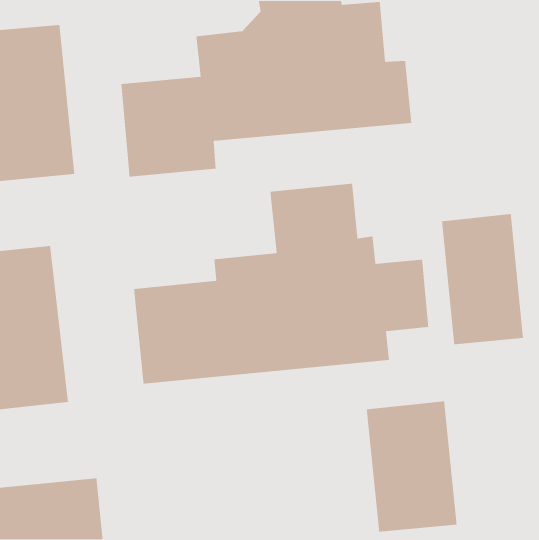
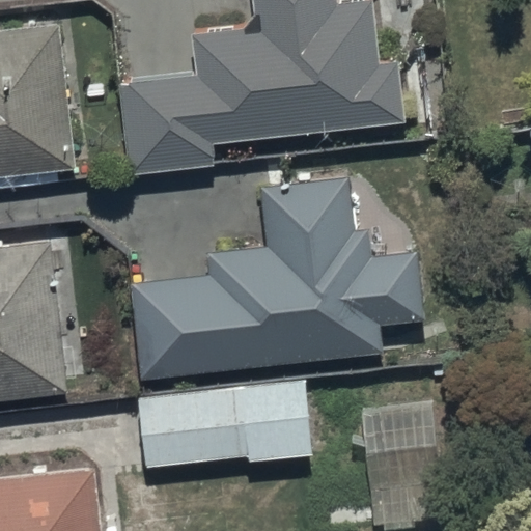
building: [441,213,524,345] -> none
building: none -> [137,382,311,467]

